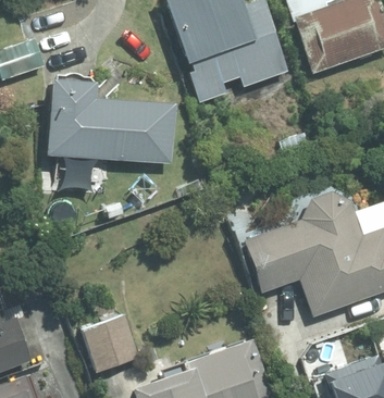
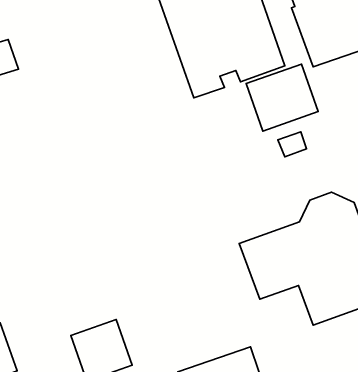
building: none -> [246,64,318,131]
building: [44,78,176,164] -> none

